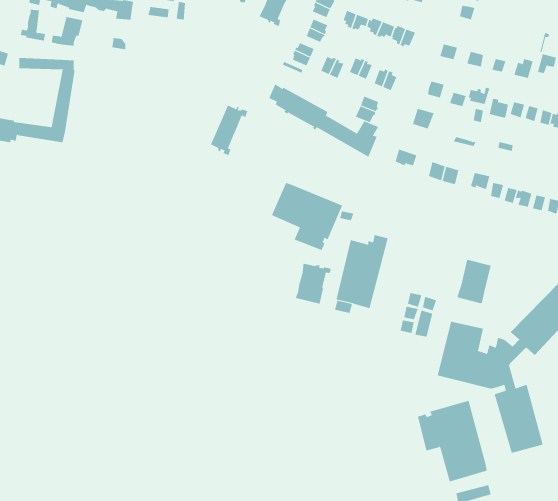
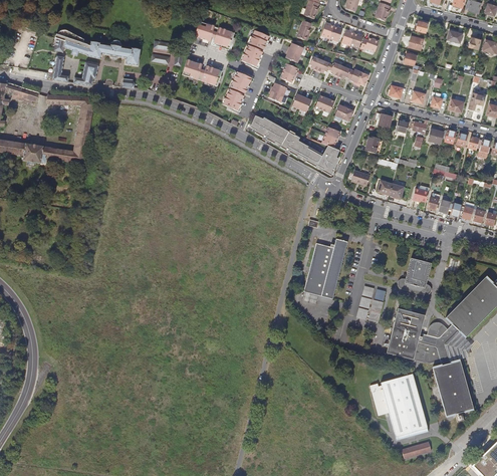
building: none -> [183,60,225,86]
building: [210,105,249,156] -> [224,72,255,113]
building: [271,182,343,251] -> none
building: [295,263,331,305] -> none

